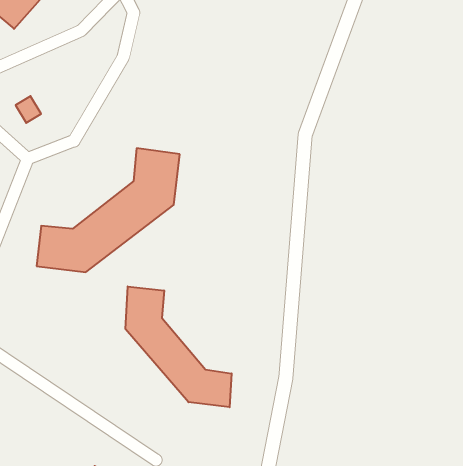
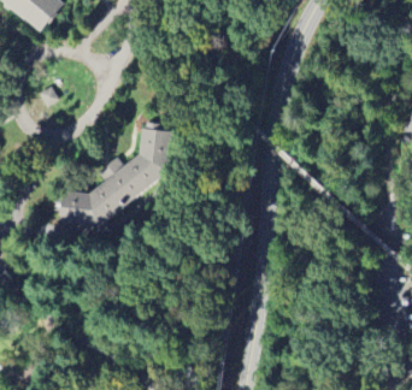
building: [126,286,232,407] -> none

